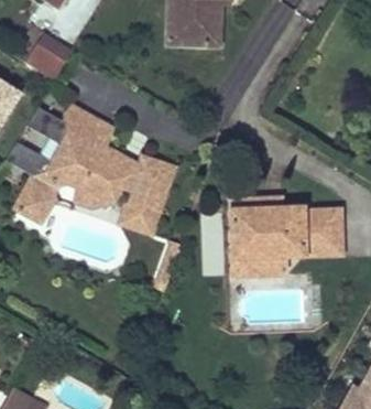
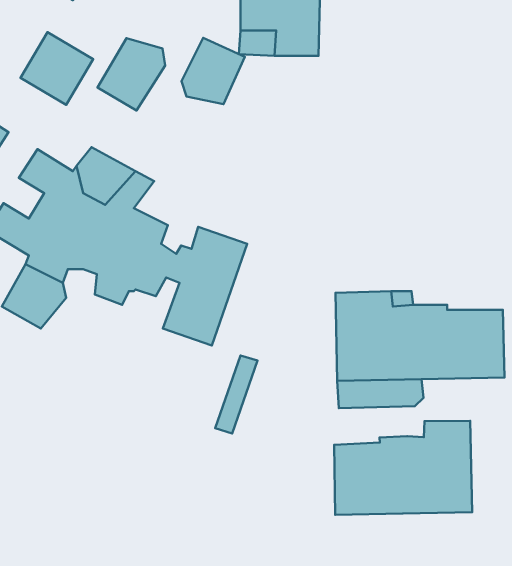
building: none -> [182,38,245,104]
building: none -> [97,38,165,111]
building: none -> [334,421,472,515]

